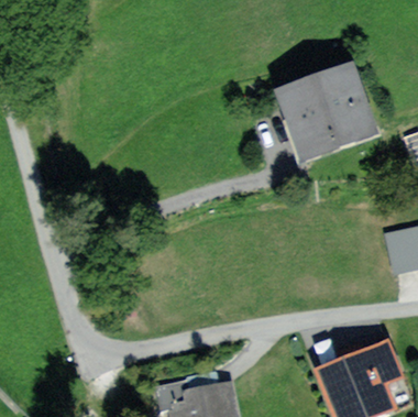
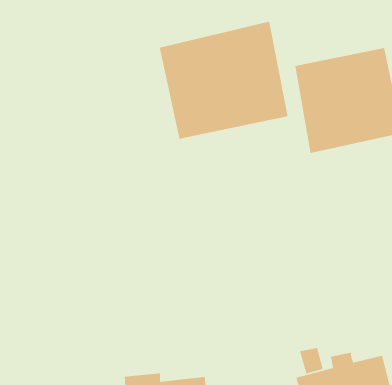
building: none -> [159,21,288,140]

